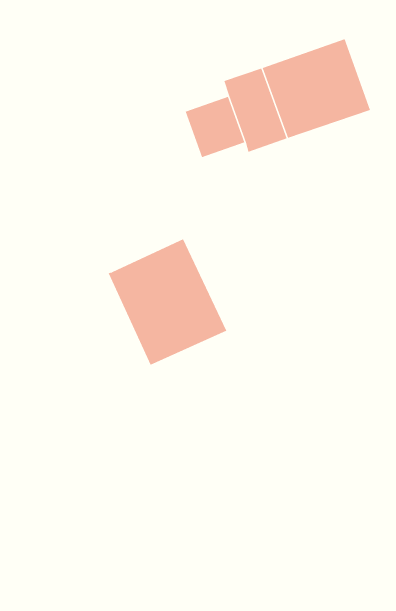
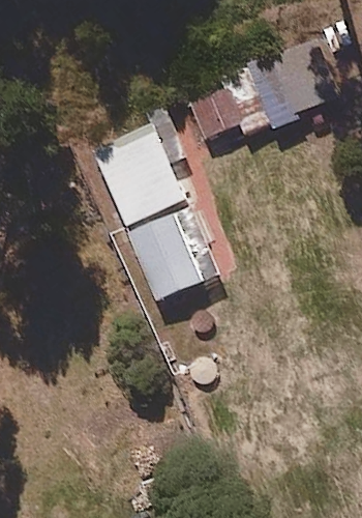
building: none -> [91,122,185,228]

